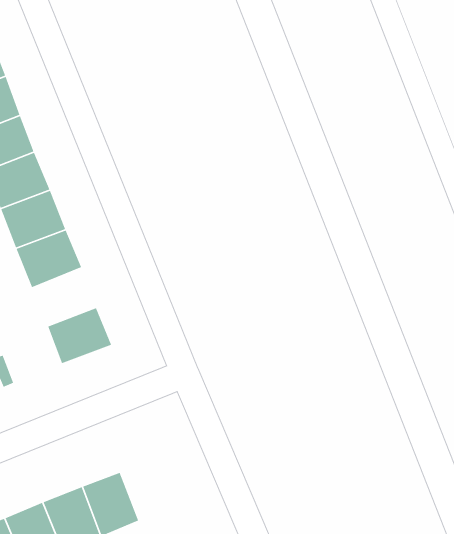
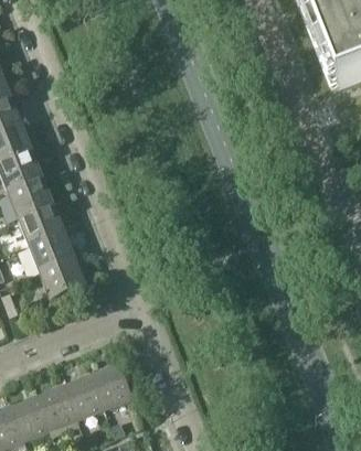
building: none -> [30,232,75,272]
building: none -> [92,363,132,408]

